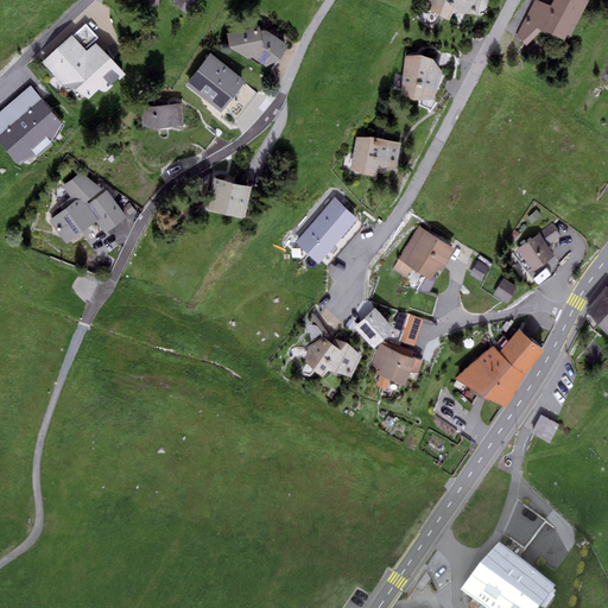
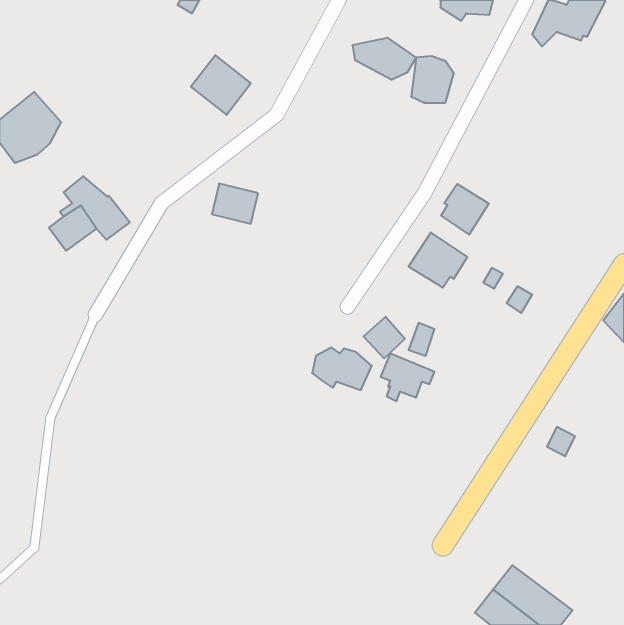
building: [42,24,125,99] -> none
building: [226,26,287,66] -> [352,38,416,80]
building: [140,103,182,129] -> none
building: [349,137,399,177] -> none
building: none -> [441,184,489,235]
building: [294,198,357,262] -> none
building: [517,223,560,271] -> none
building: [454,328,544,407] -> none

